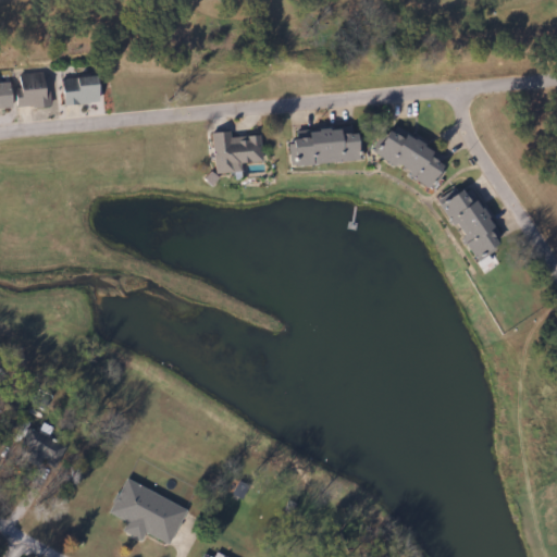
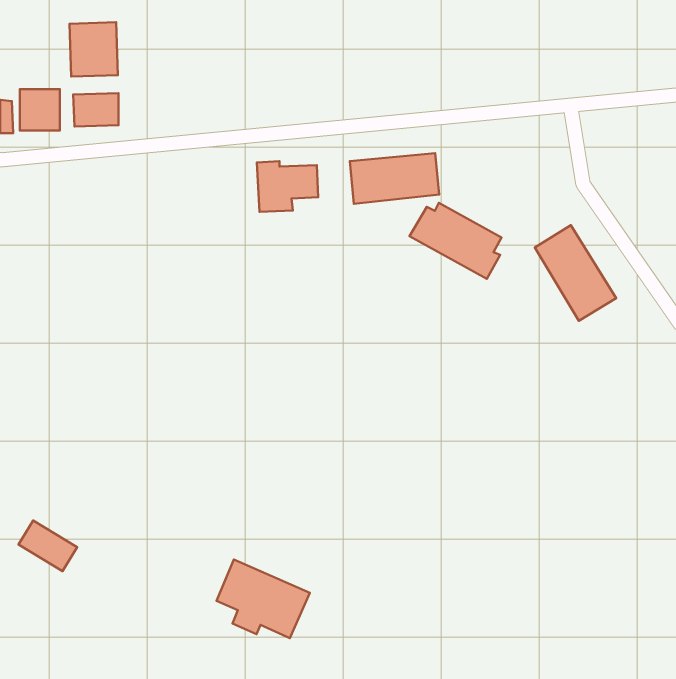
building: none -> [70,22,118,76]
building: [372,126,447,188] -> [410,203,501,279]
building: [109,480,185,544] -> [217,560,310,638]

